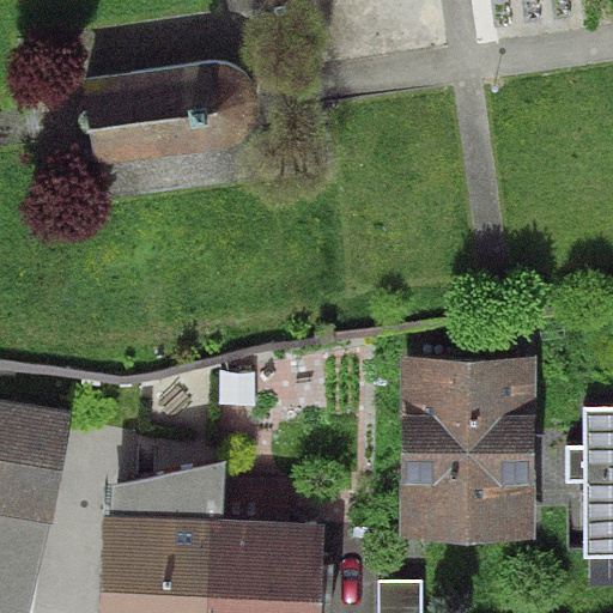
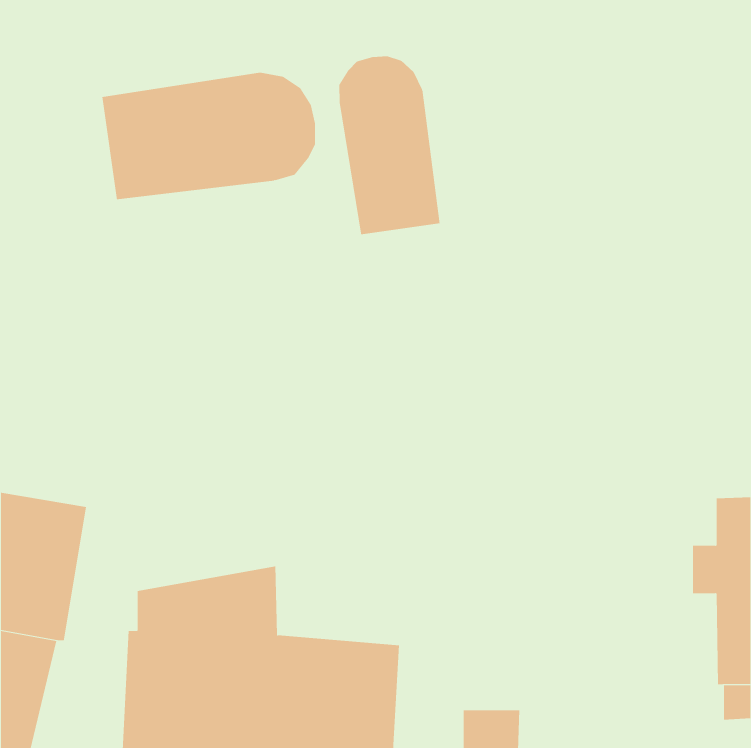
building: none -> [339,56,440,235]
building: [399,357,536,540] -> none

